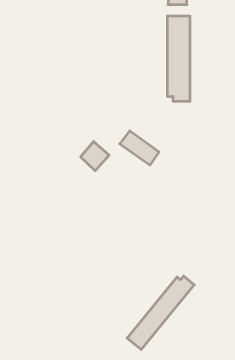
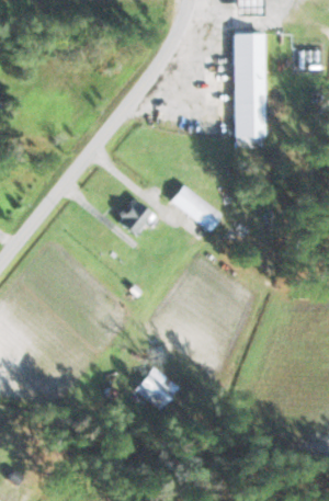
building: none -> [136,366,182,411]
building: [127,276,194,350] -> none

